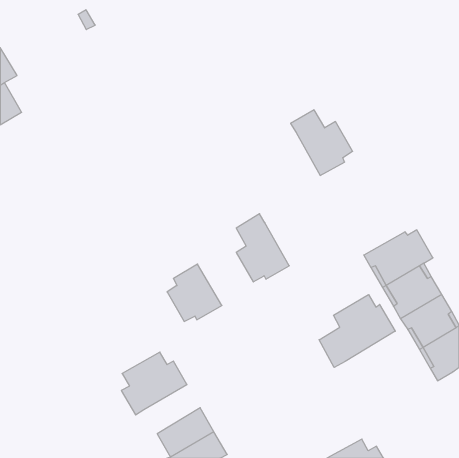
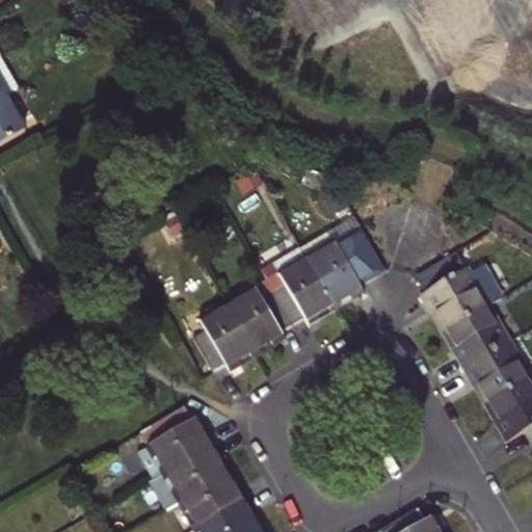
building: [291,110,353,175] -> [300,232,372,308]
building: none -> [229,290,293,353]
building: [319,295,395,367] -> none
building: none -> [166,445,232,502]

